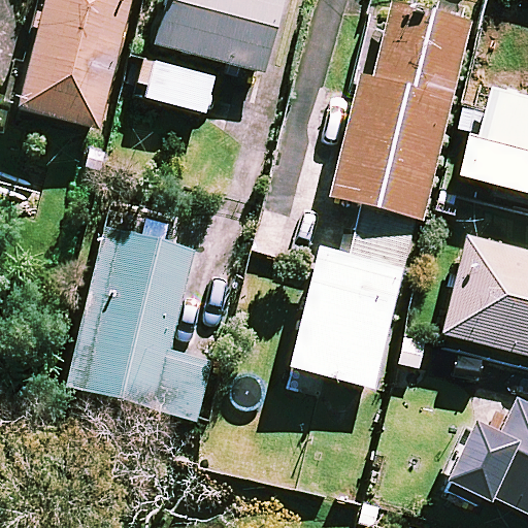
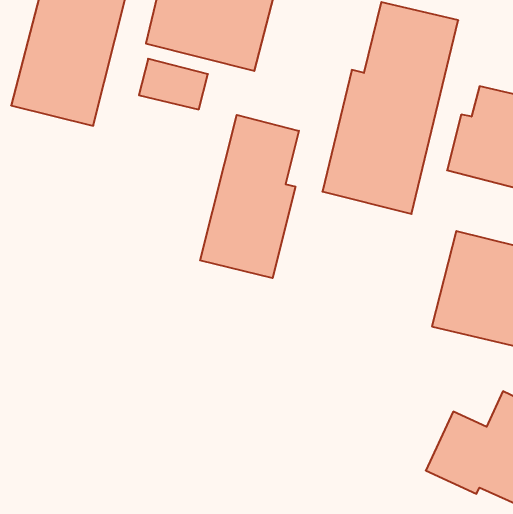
building: none -> [200,115,299,278]
building: [291,217,414,386] -> none
building: [65,226,211,418] -> none

